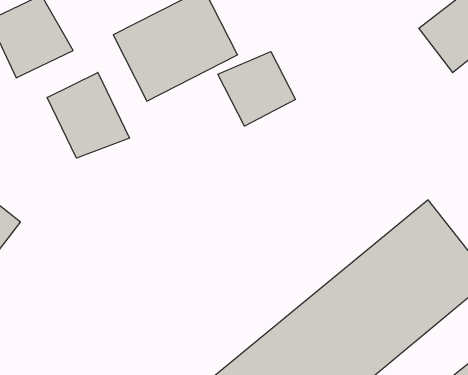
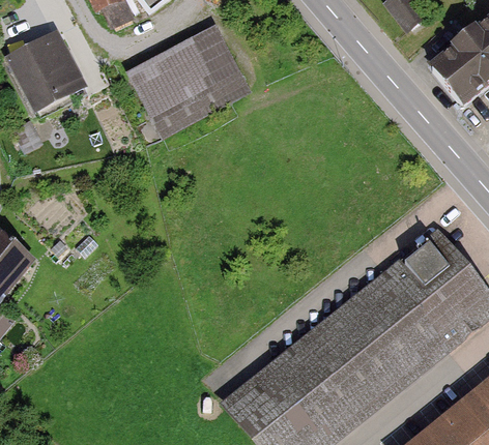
building: [218,52,295,126] -> none
building: [47,72,129,158] -> none

